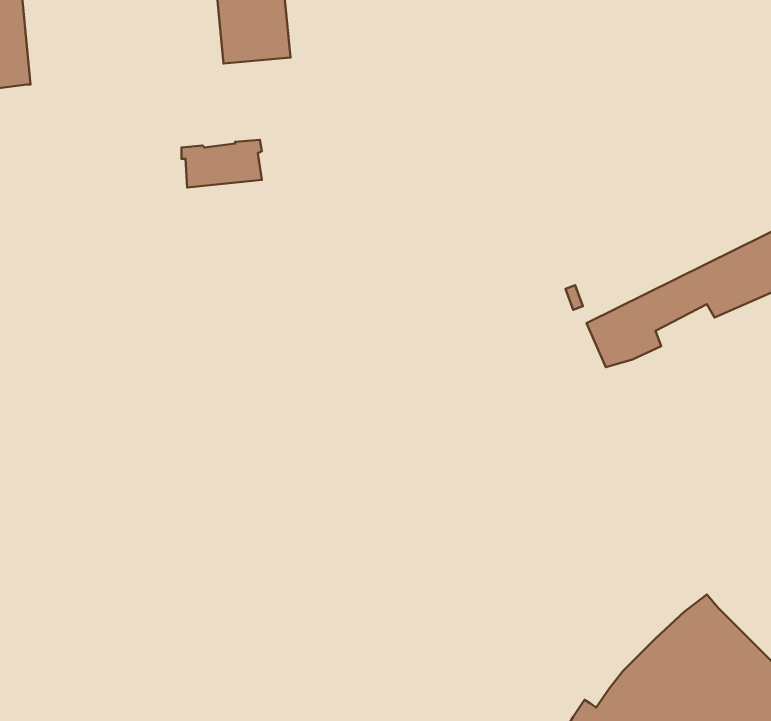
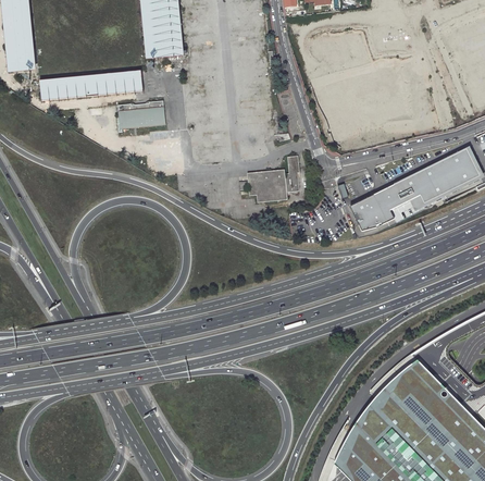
building: none -> [38,71,141,101]
building: none -> [249,157,301,202]

